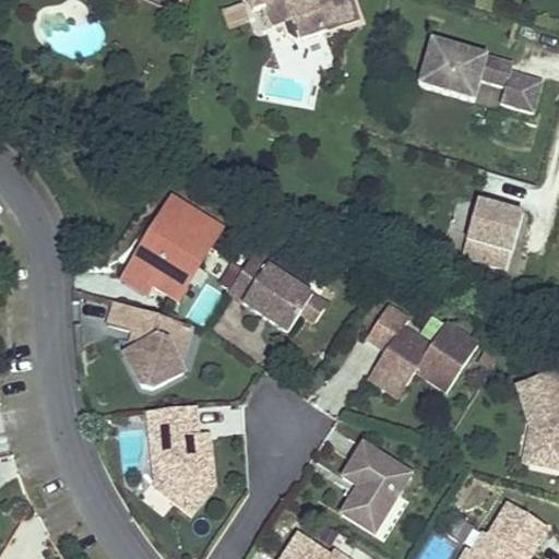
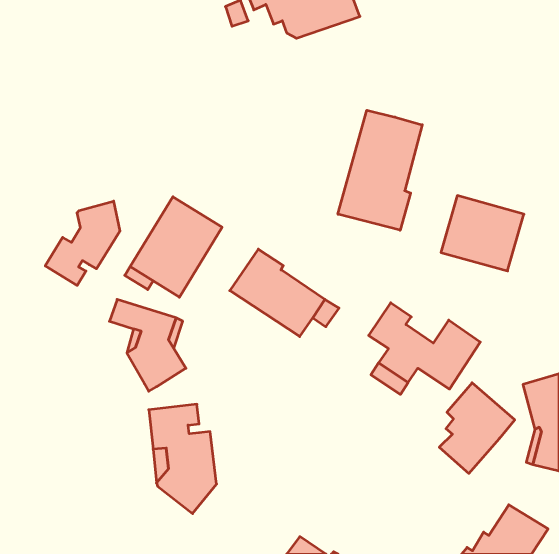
building: [419,38,544,111] -> none
building: none -> [338,110,422,230]
building: none -> [45,201,120,285]
building: [328,440,403,531] -> [439,383,515,473]

